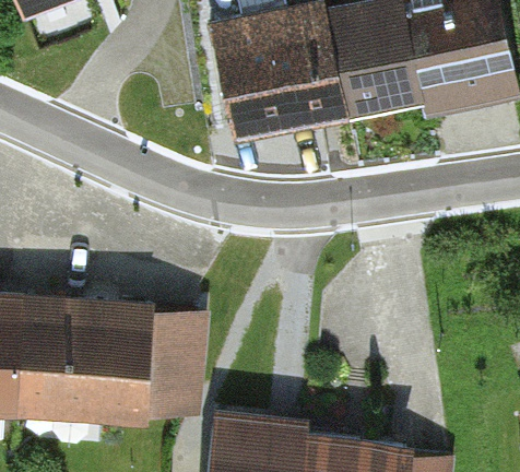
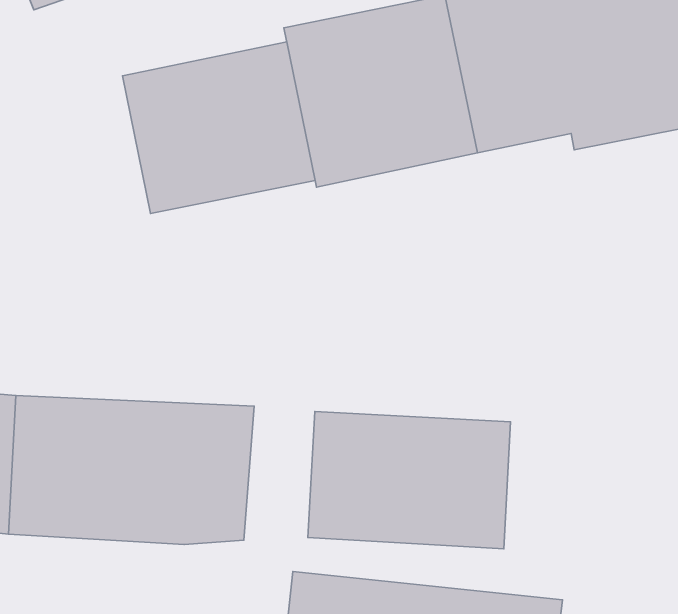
building: none -> [122,42,315,213]
building: none -> [308,412,511,549]

